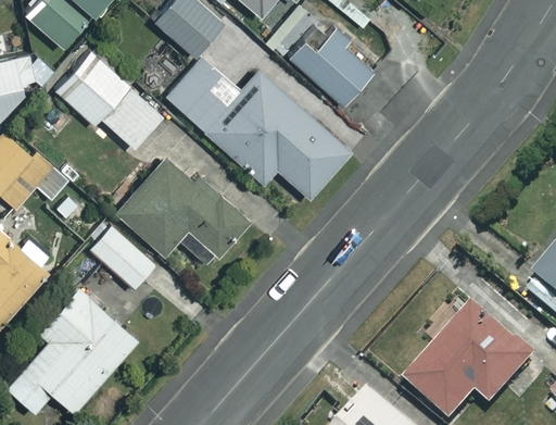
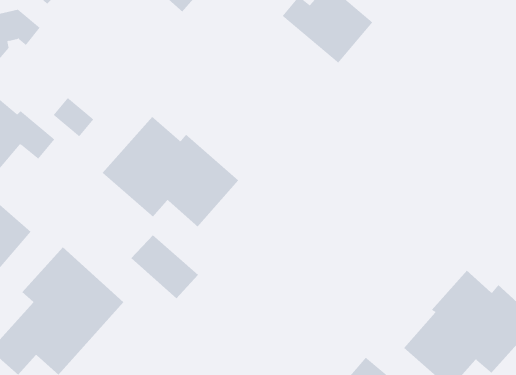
building: [54,49,162,149] -> none
building: [166,59,349,198] -> none
building: [88,225,154,288] -> [131,235,199,299]

